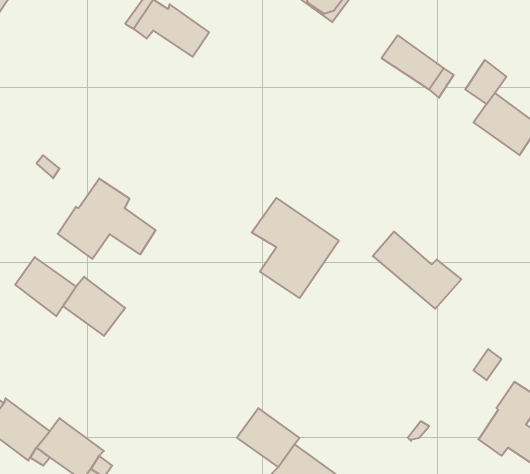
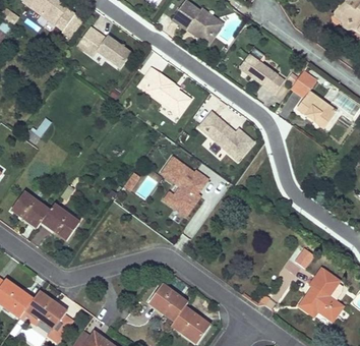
building: none -> [137,67,189,114]
building: [58,178,156,259] -> none
building: [373,232,461,309] -> [197,110,252,158]

